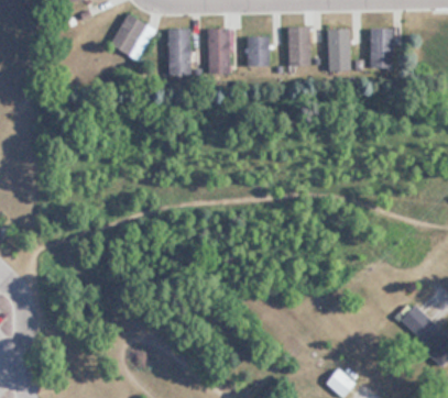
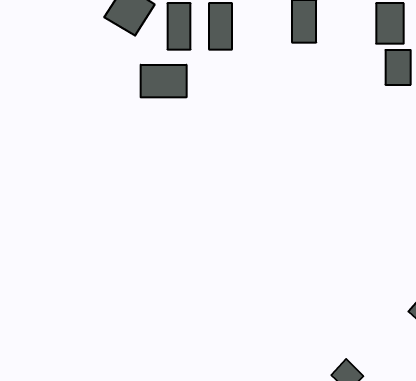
building: [326,34,350,67] -> [385,50,411,85]
building: [245,36,270,66] -> none
building: none -> [141,65,186,97]

